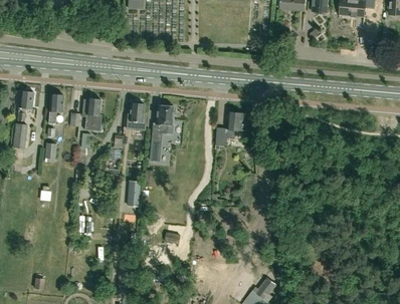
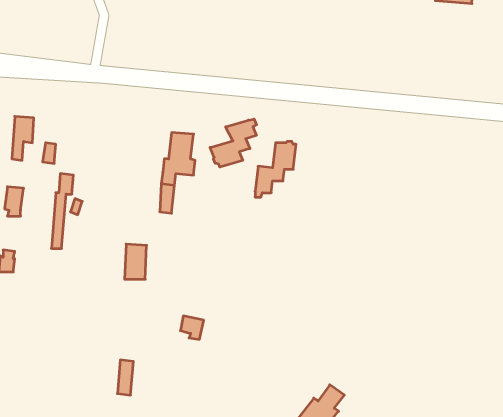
building: none -> [210,119,257,167]
building: [82,97,102,130] -> none
building: [127,101,147,129] -> none

